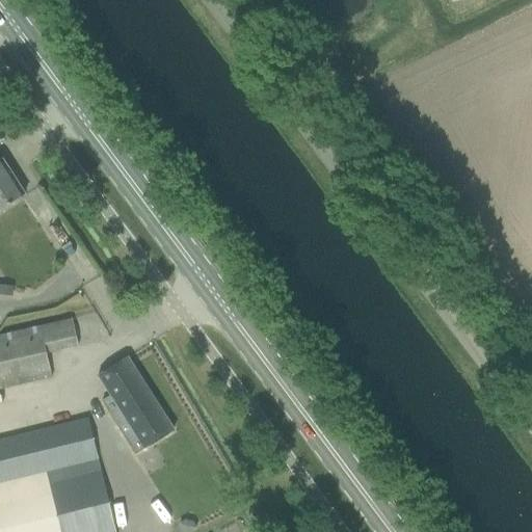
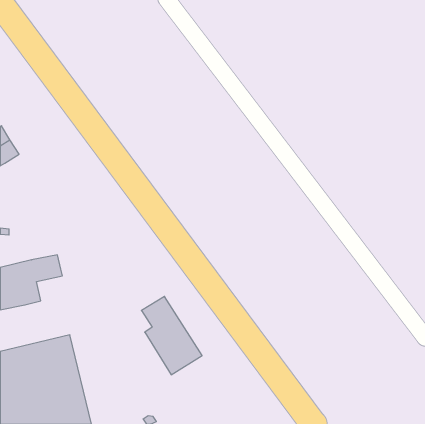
building: [97,355,172,453] -> [141,296,202,375]

